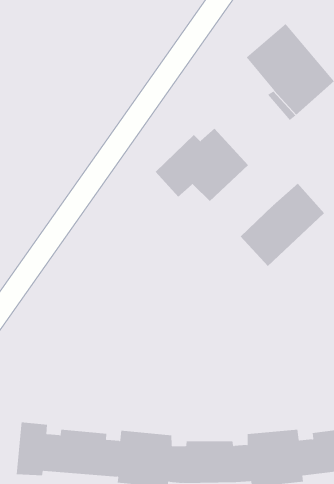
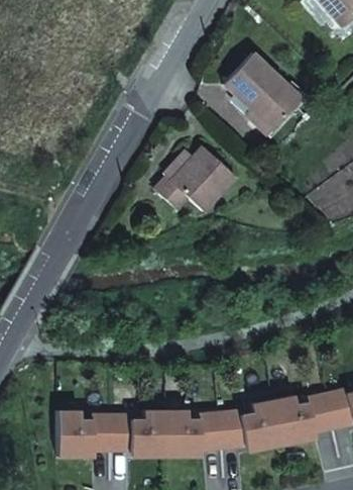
building: [240,183,325,267] -> none

